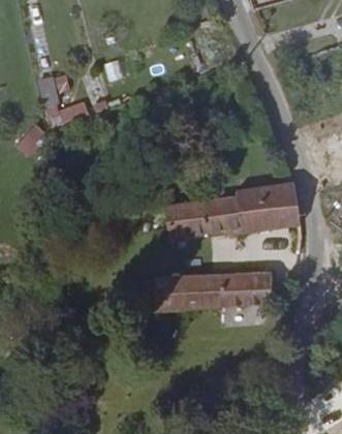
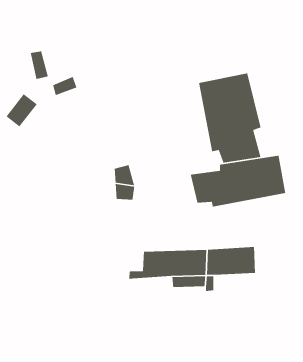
building: none -> [198,73,261,163]
building: [164,200,211,235] -> none

